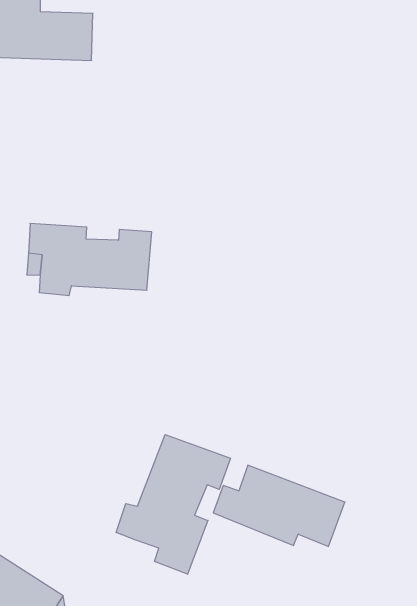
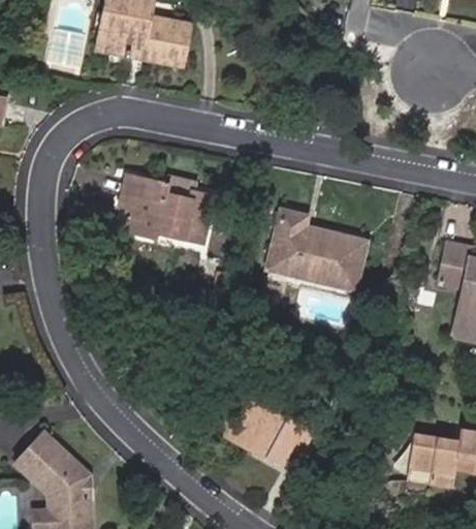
building: none -> [261,210,359,292]
building: [116,435,231,574] -> none

